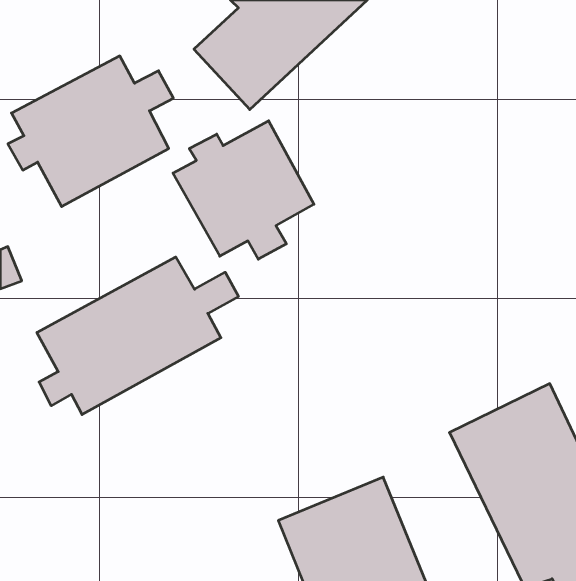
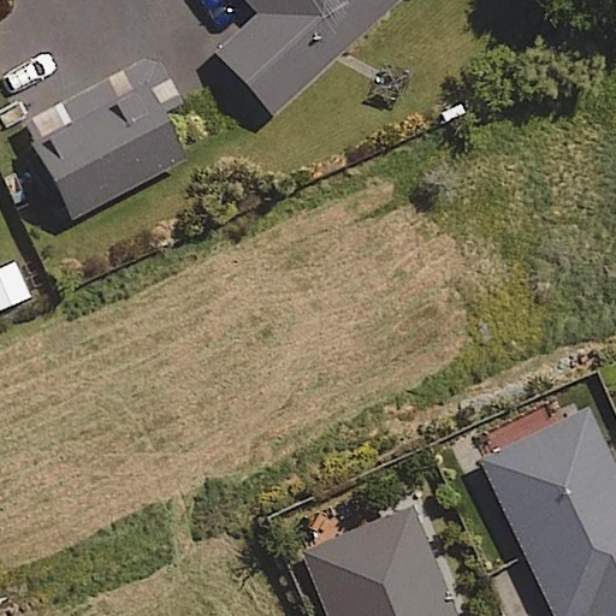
building: [173,121,314,259] -> none
building: [37,257,238,415] -> none

